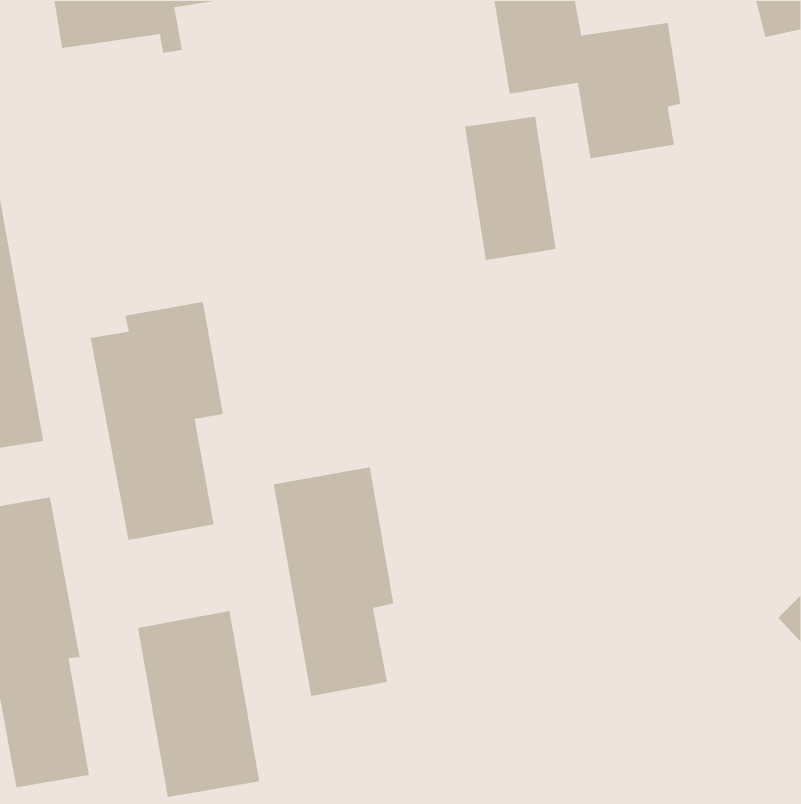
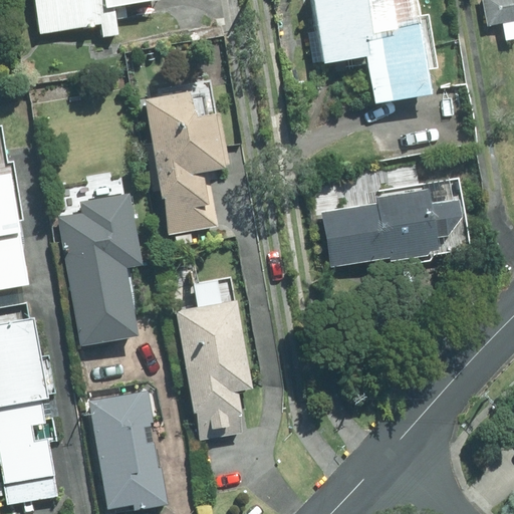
building: [464,116,557,261] -> none
building: none -> [143,89,229,235]
building: none -> [320,186,460,266]

